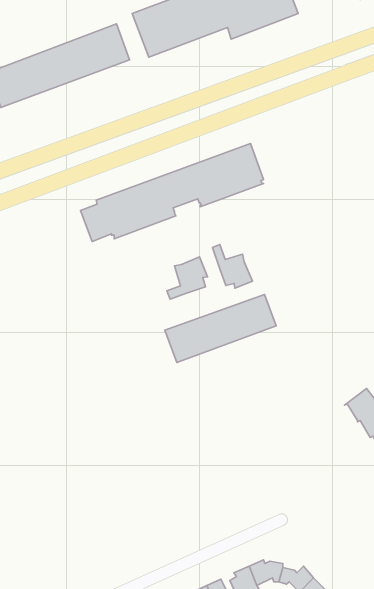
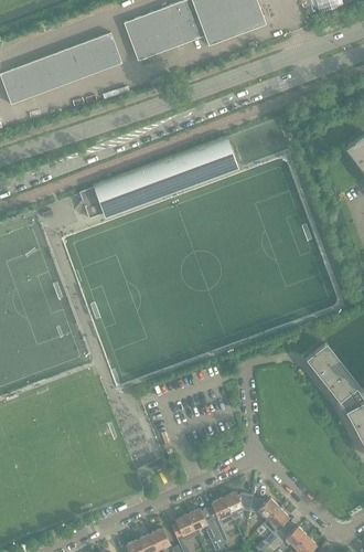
building: [212,245,253,288] -> none
building: [167,257,207,299] -> none
building: [165,295,276,362] -> none

